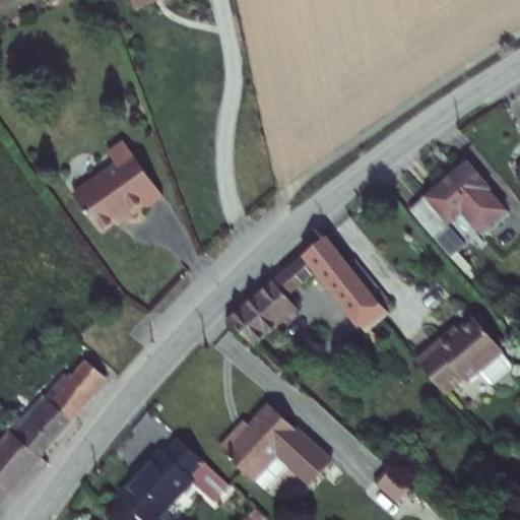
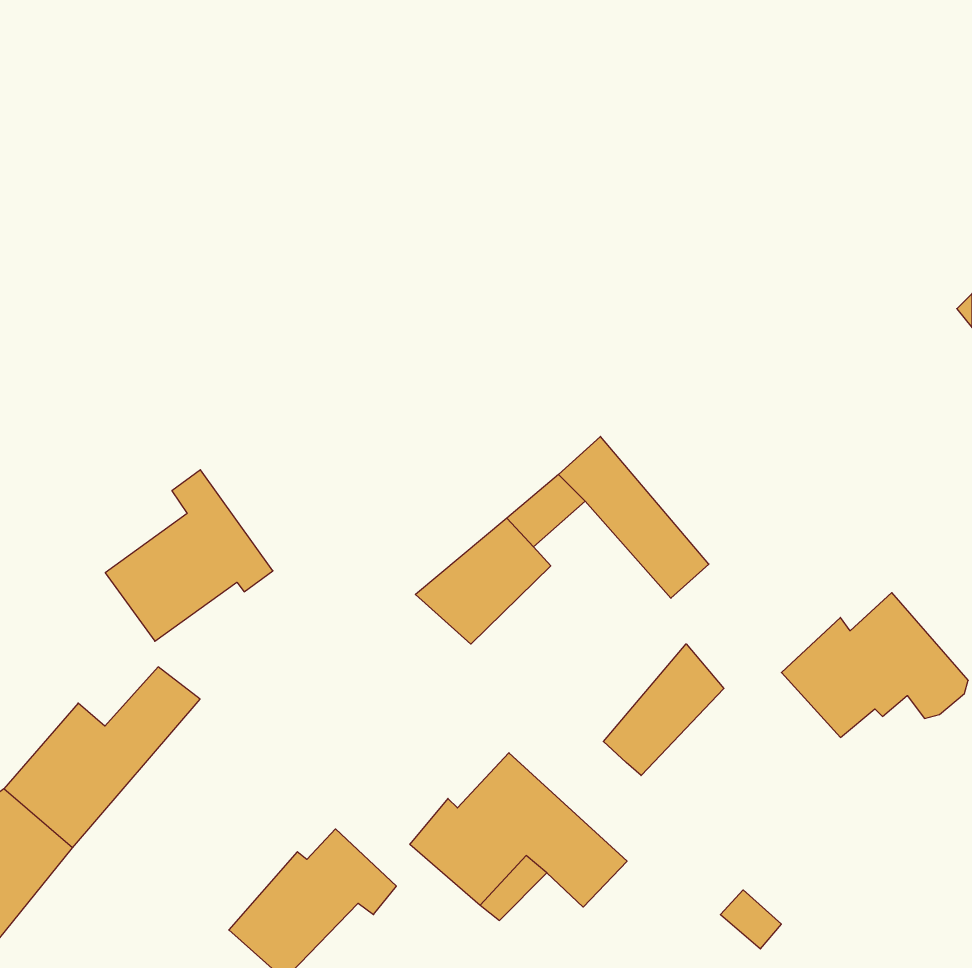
building: [75,142,165,234] -> [105,470,273,641]
building: [408,152,506,249] -> none
building: none -> [603,644,724,776]

